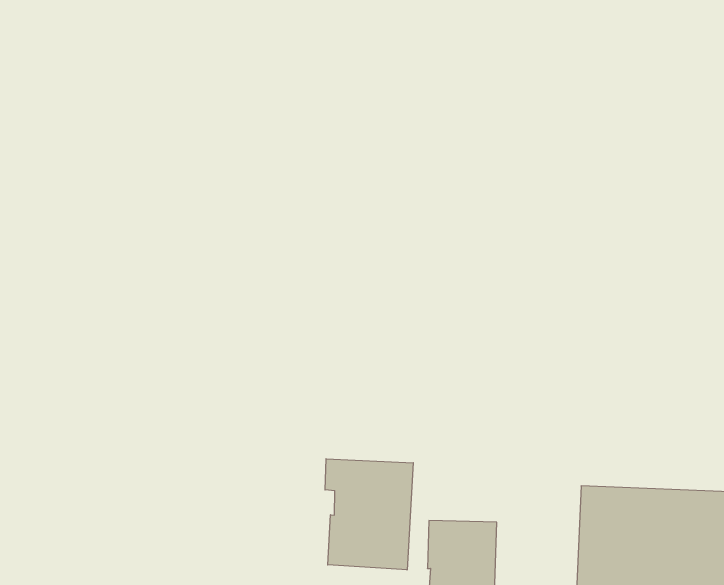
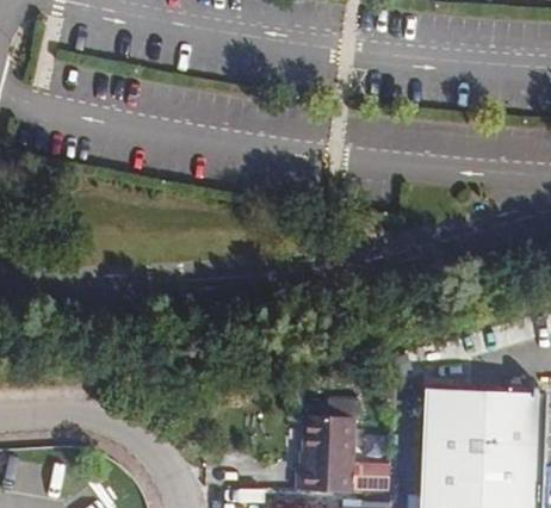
building: [325,459,413,570] -> none

